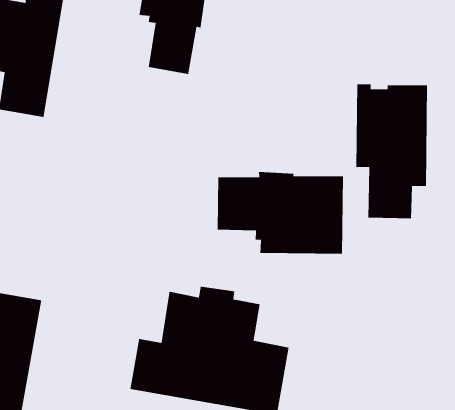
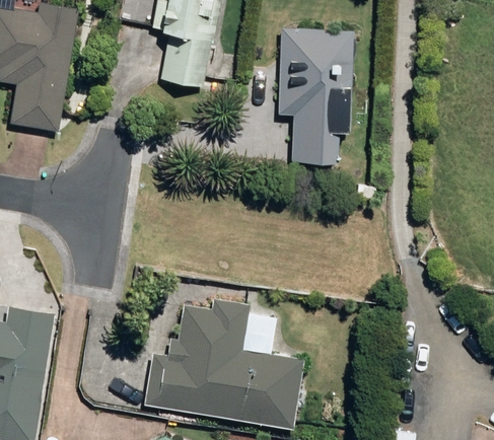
building: [356,83,428,219] -> [279,28,352,165]
building: [217,171,344,254] -> none

